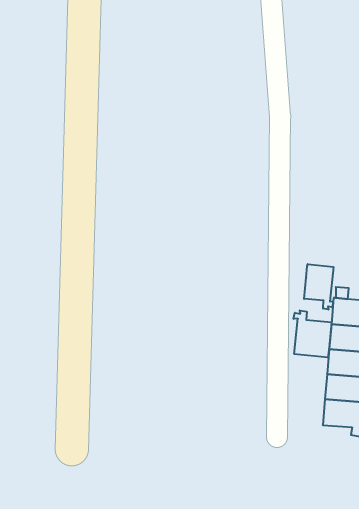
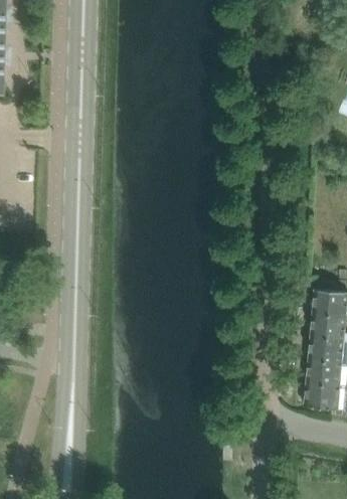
building: [304,264,333,310] -> none
building: [294,310,332,358] -> none

